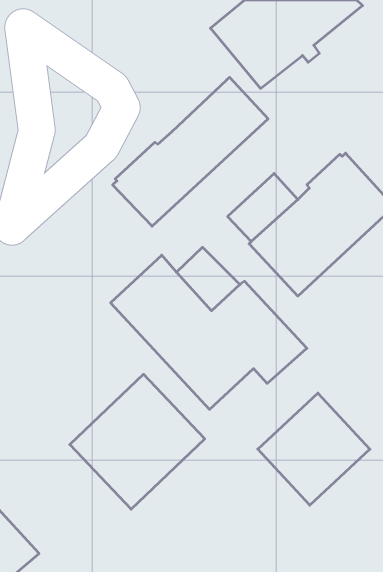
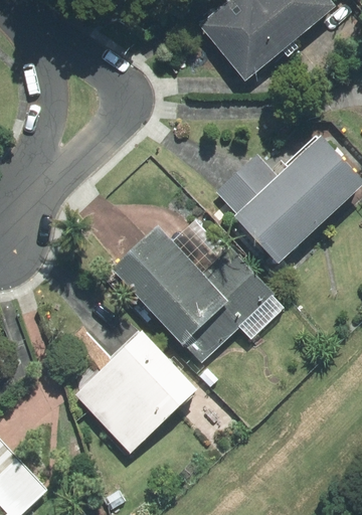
building: [113,77,268,226] -> none
building: [258,393,370,505] -> none

